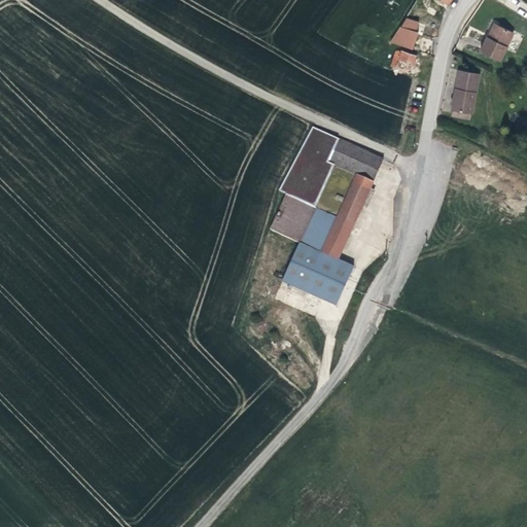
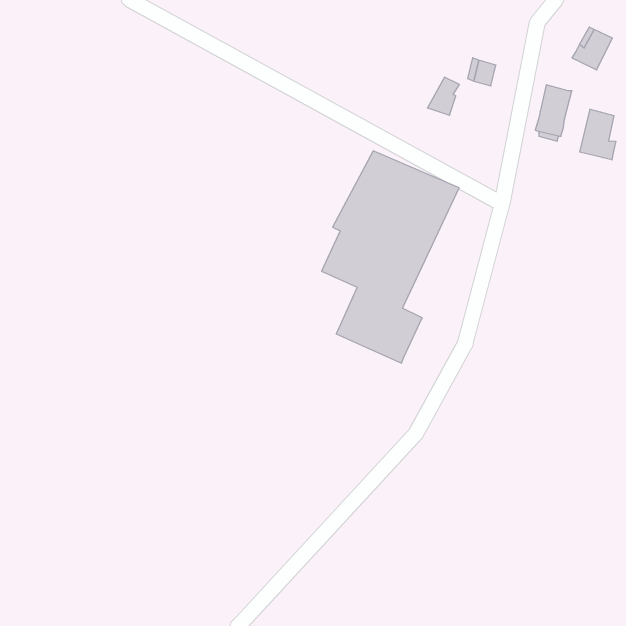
building: [393,15,420,47] -> [427,77,459,115]
building: none -> [580,109,616,160]

